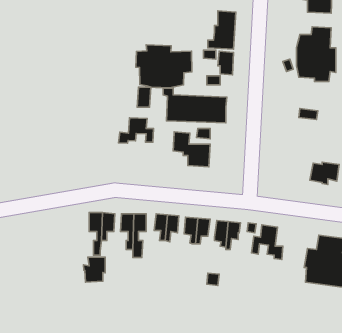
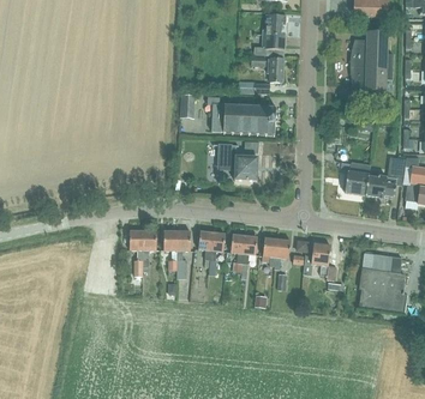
building: [136,45,192,88] -> none
building: [119,118,154,143] -> none
building: none -> [343,163,370,195]
building: [83,257,105,282] -> none

